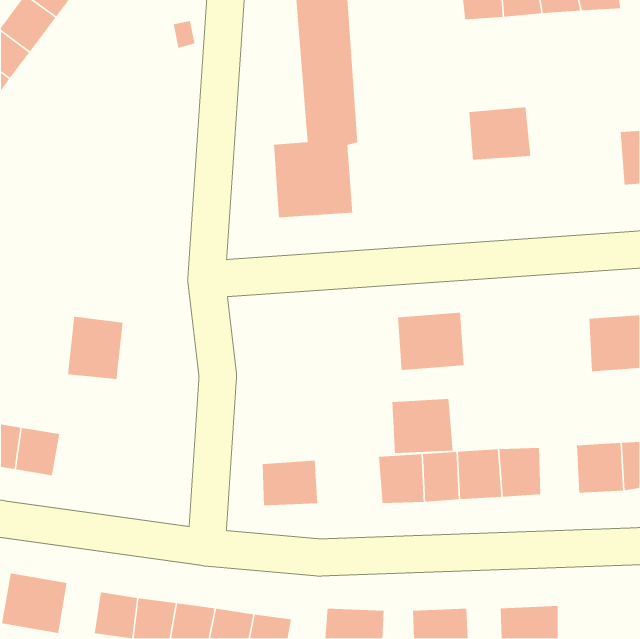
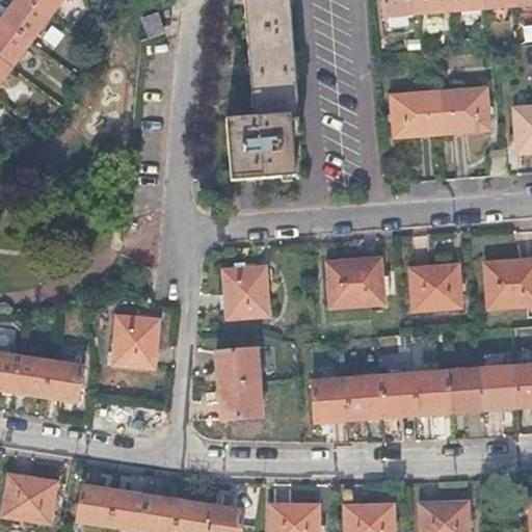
building: none -> [436,85,487,130]
building: [67,316,124,380] -> [113,315,160,368]
building: none -> [414,266,462,311]
building: none -> [225,267,270,314]
building: [391,398,454,454] -> none
building: none -> [215,346,262,384]
building: none -> [44,360,83,400]
building: none -> [448,369,480,410]

